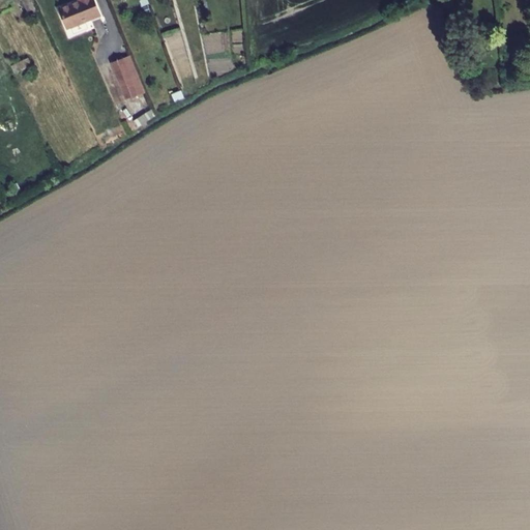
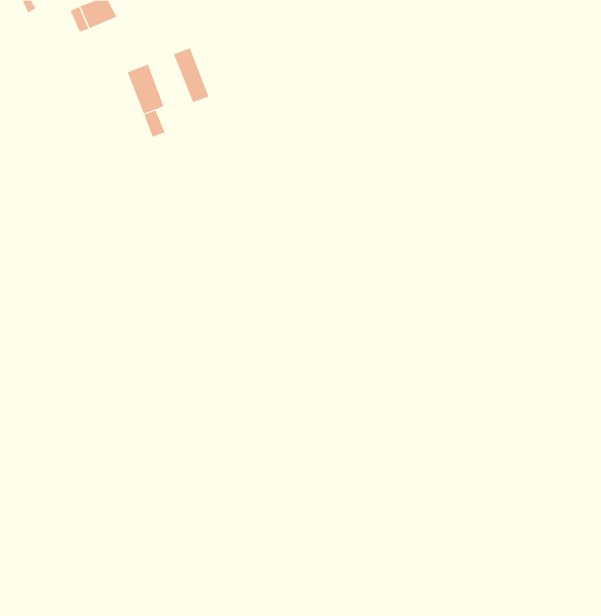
building: none -> [173,47,209,103]

